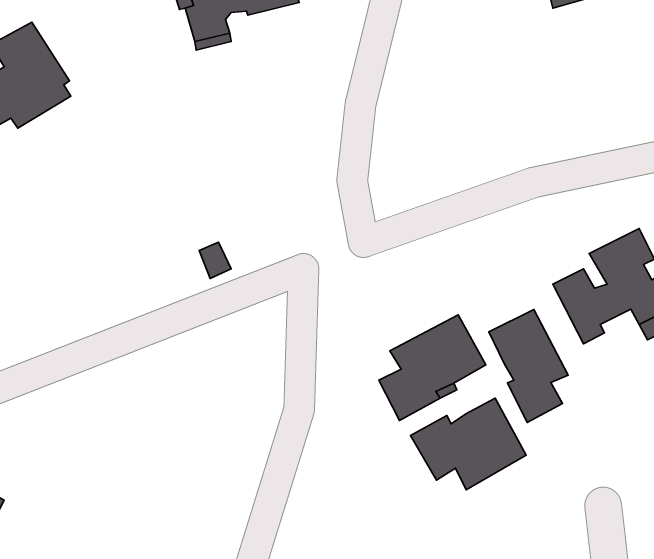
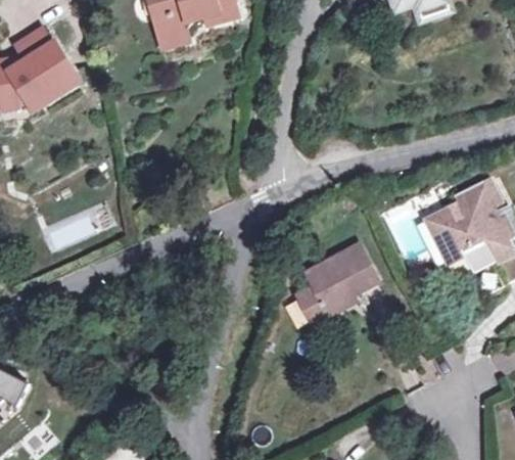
building: [489,309,568,422] -> none
building: [411,398,526,490] -> none

